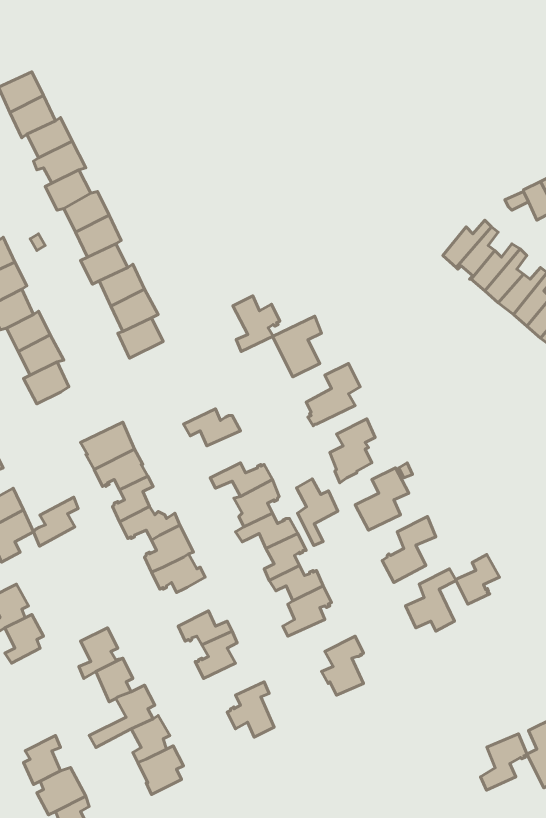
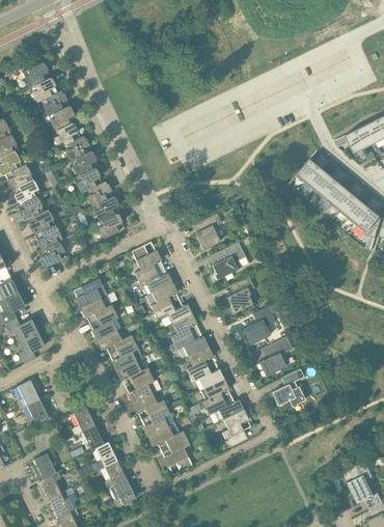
building: [233,296,280,351] -> [131,245,160,279]
building: none -> [149,283,175,312]
building: [296,479,338,546] -> none
building: [33,497,78,546] -> none
building: [456,555,499,604] -> none
building: none -> [128,373,155,404]
building: none -> [200,399,242,419]
building: none -> [148,423,186,446]
building: none -> [32,450,55,480]
building: [480,734,527,790] -> none

